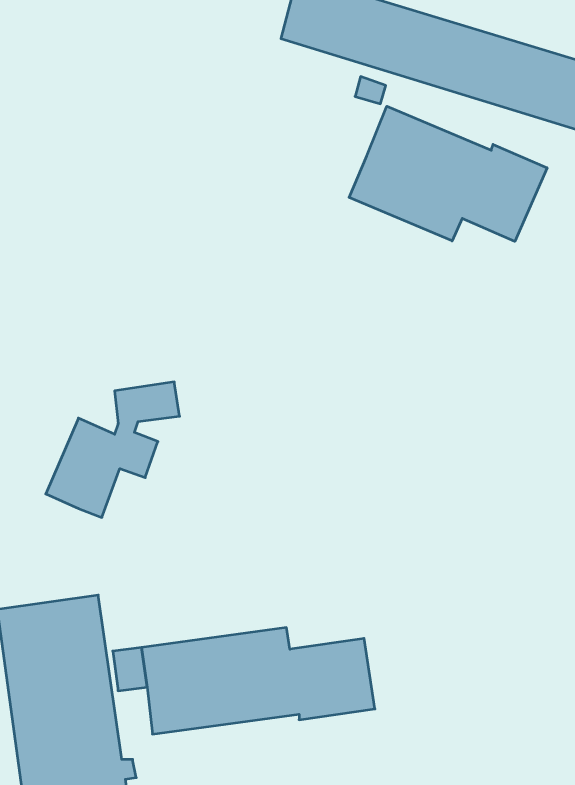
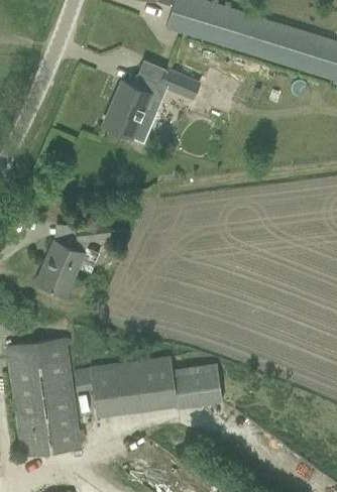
building: [349,106,547,241] -> none
building: none -> [161,70,201,99]
building: none -> [103,75,162,142]

